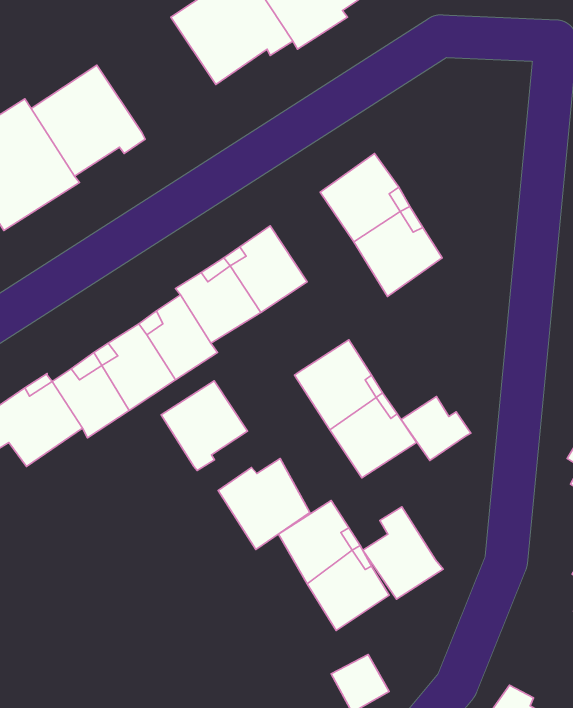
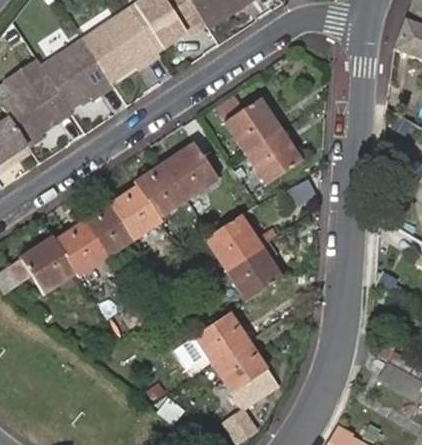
building: none -> [84,11,160,83]
building: [161,381,247,471] -> none
building: [401,396,471,461] -> none
building: [218,459,310,549] -> none
building: [363,507,443,599] -> none

